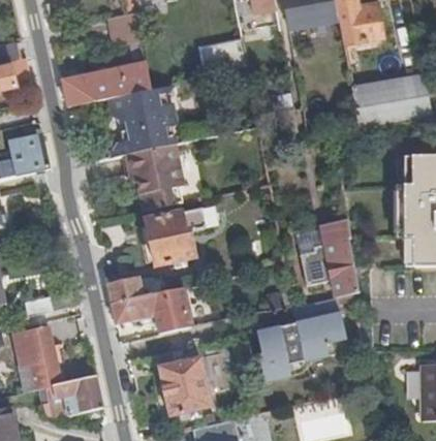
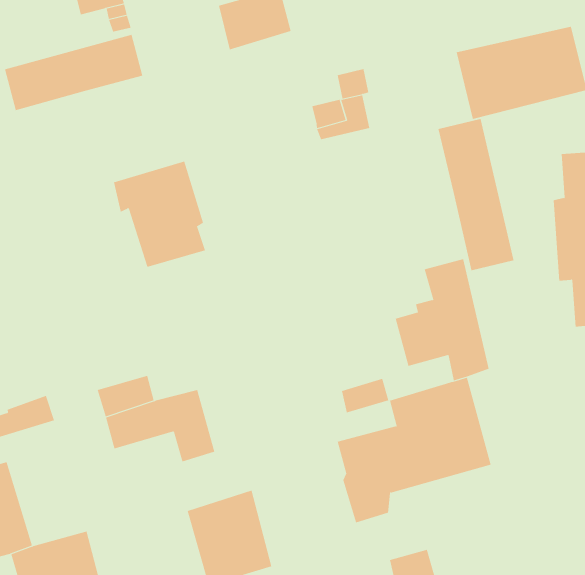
building: [114,86,176,154] -> none
building: none -> [438,118,514,271]
building: [147,208,208,263] -> none

